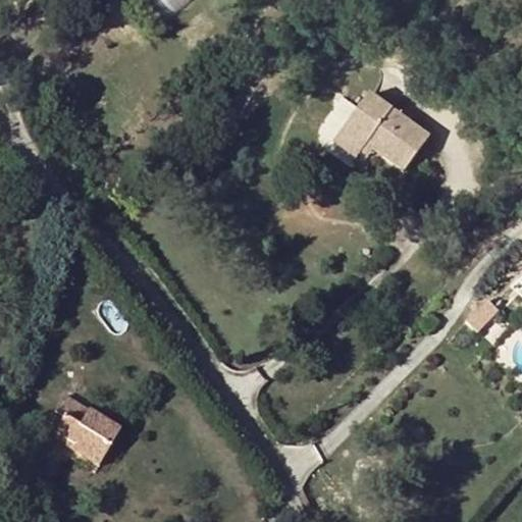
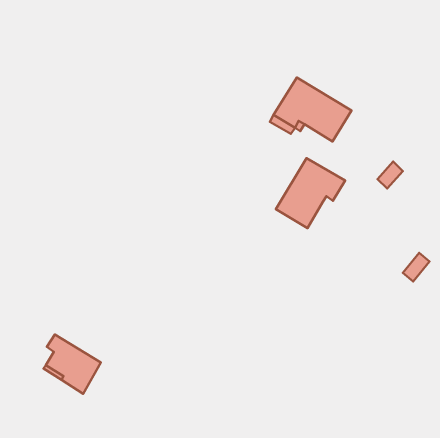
building: none -> [276,158,345,228]

